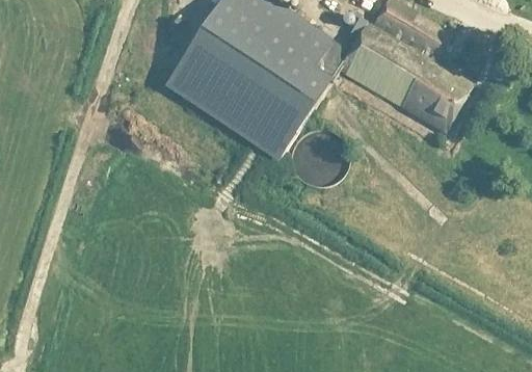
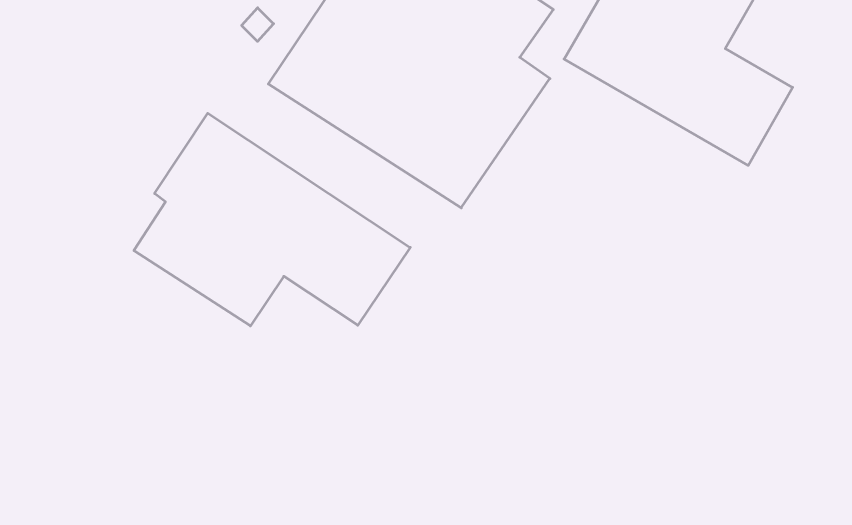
building: none -> [134,113,410,326]

